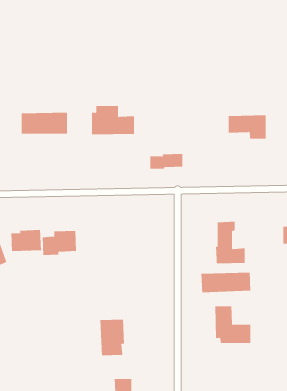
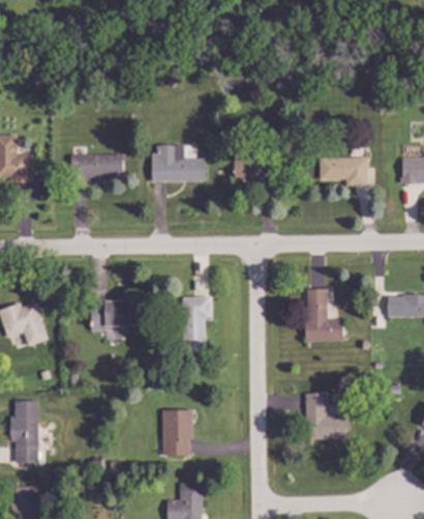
building: [150,153,183,169] -> [231,161,272,180]
building: none -> [182,297,210,346]
building: [11,229,42,252] -> none
building: [201,272,251,293] -> none

